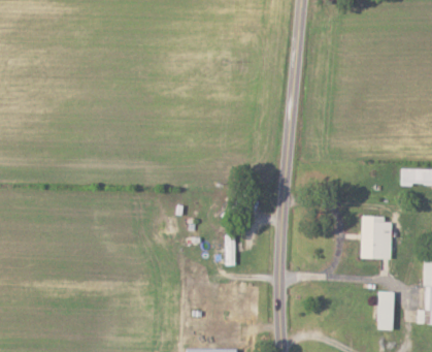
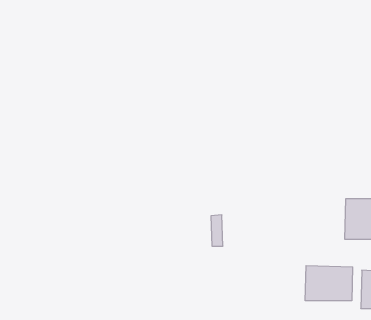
building: none -> [305,266,353,301]

